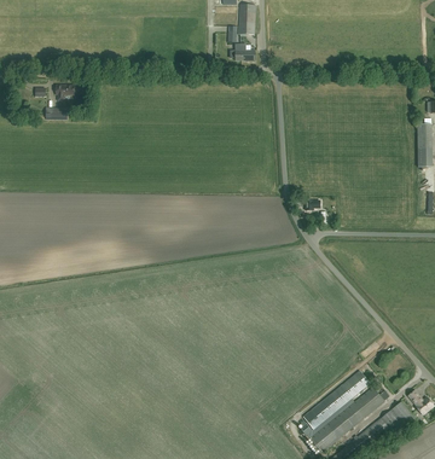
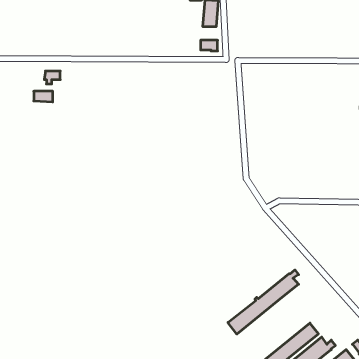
building: none -> [228,270,299,334]

